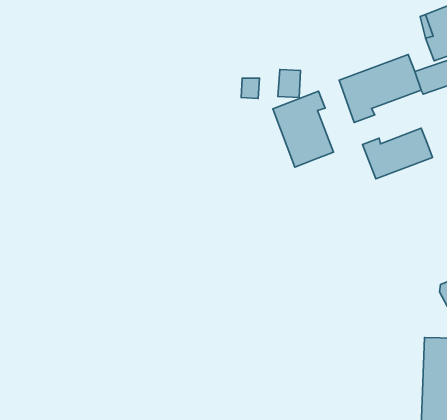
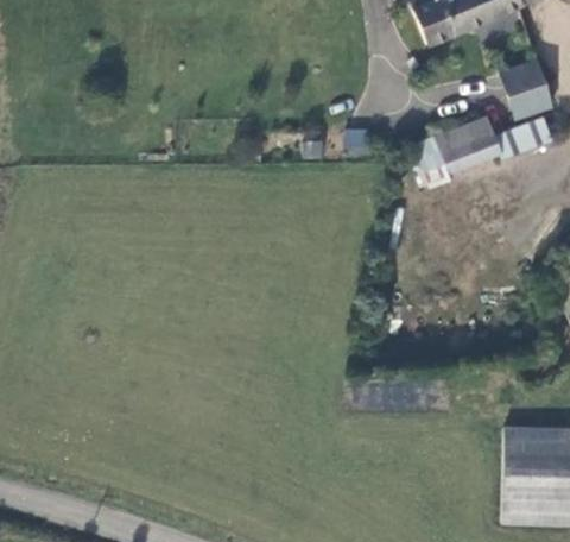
building: [273,91,333,167] -> none
building: [362,128,433,179] -> none

